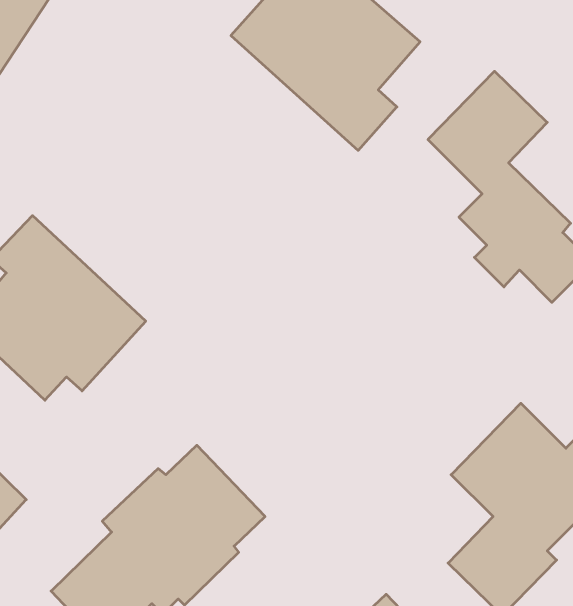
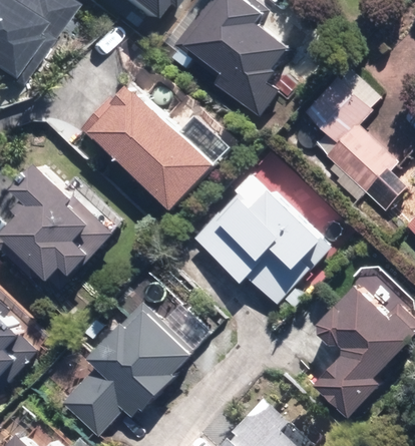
building: none -> [74,82,226,211]
building: none -> [192,175,333,304]

